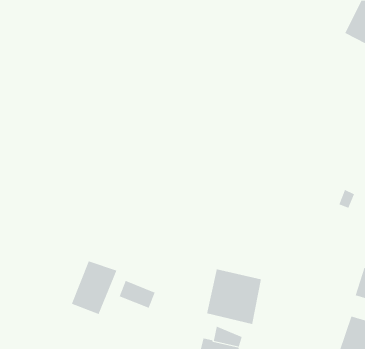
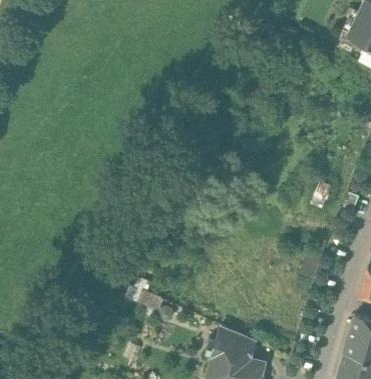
building: [71,260,117,315] -> none
building: [206,268,262,325] -> none

